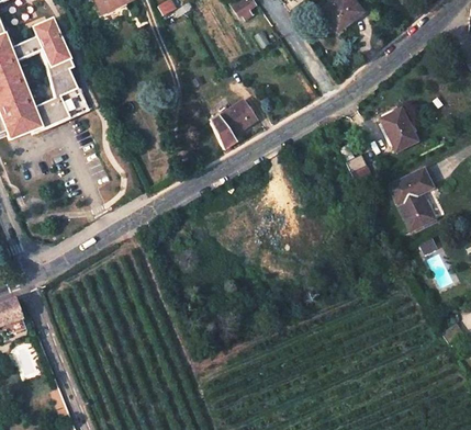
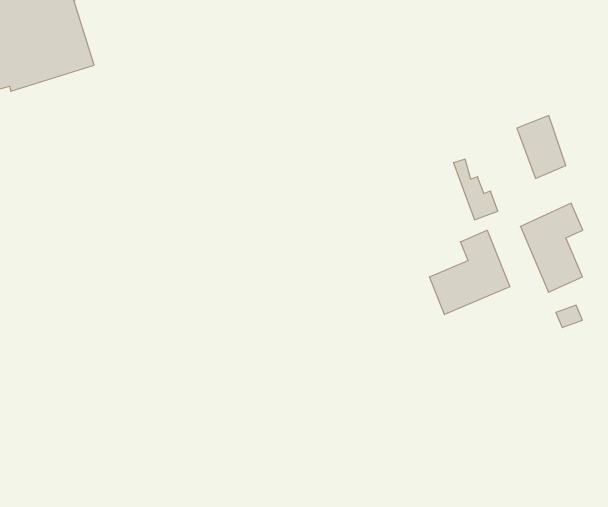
building: [210,101,257,150] -> none
building: none -> [429,230,510,315]

